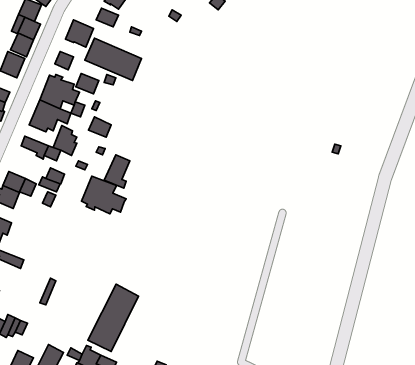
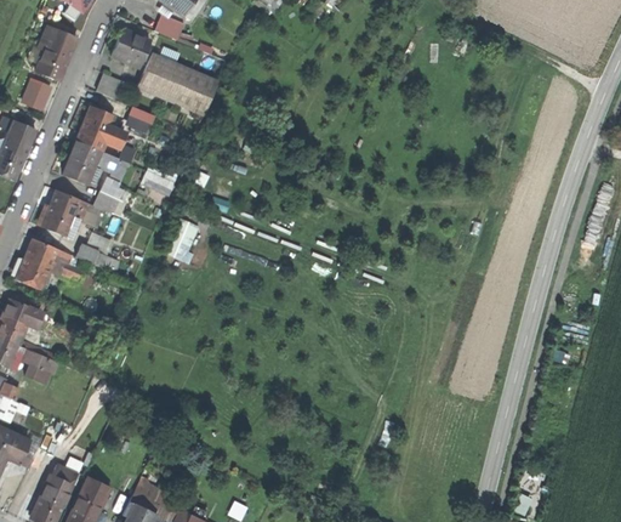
building: none -> [40,204,78,237]
building: [81,176,126,214] -> none
building: [88,284,139,352] -> none
building: none -> [45,454,76,495]

